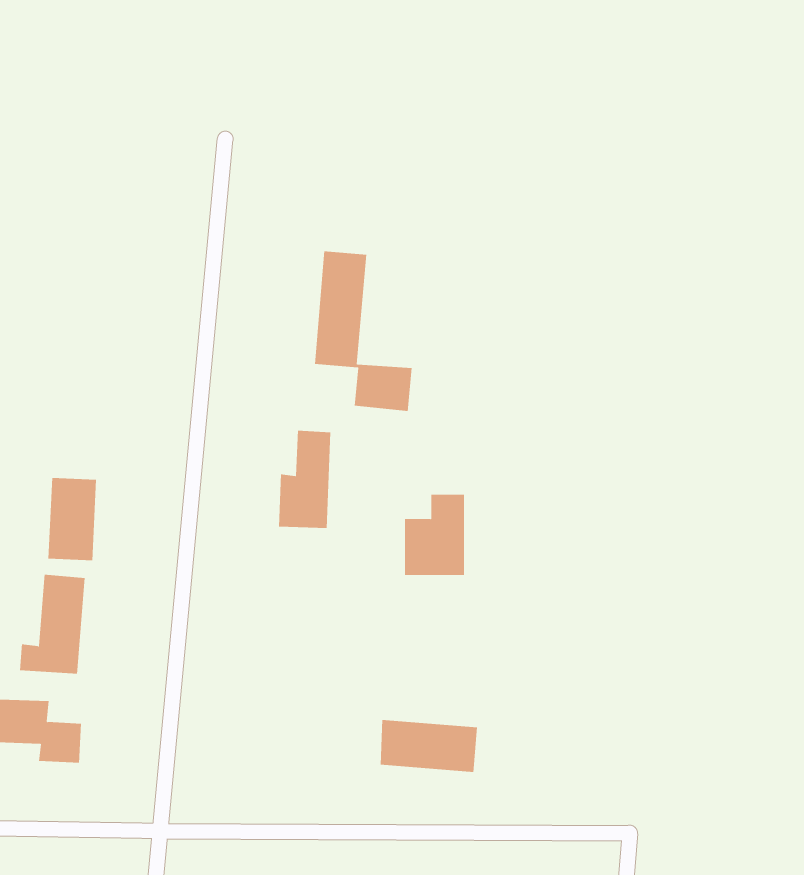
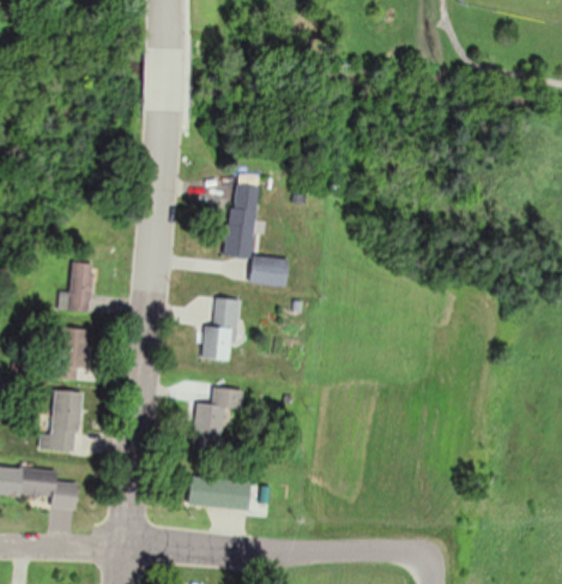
building: none -> [59,261,92,312]
building: [404,494,465,575] -> [195,387,234,439]
building: [380,720,478,772] -> [188,476,250,510]

